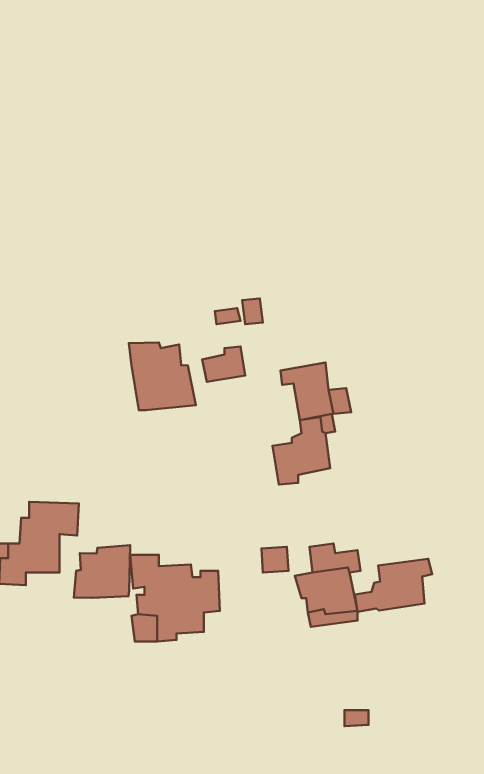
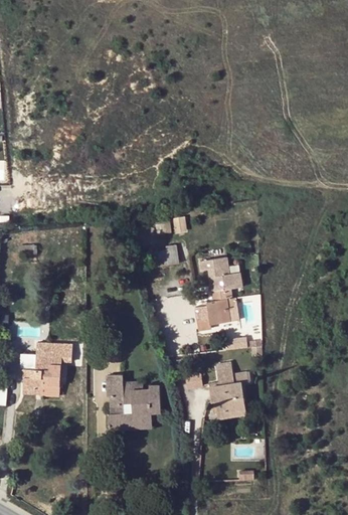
building: [129,342,196,410] -> none
building: [74,545,130,598] -> none
building: [355,559,432,612] -> none

